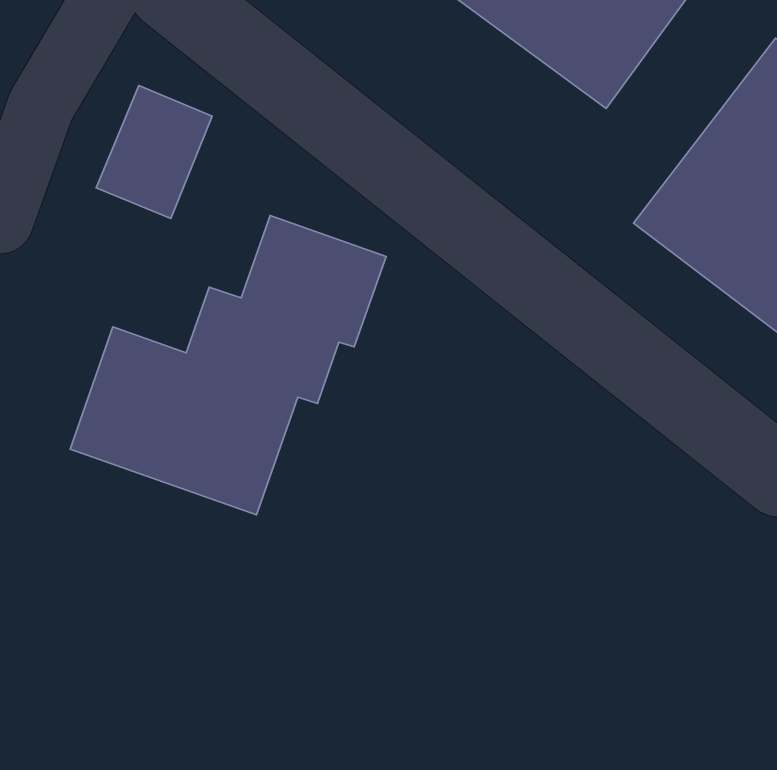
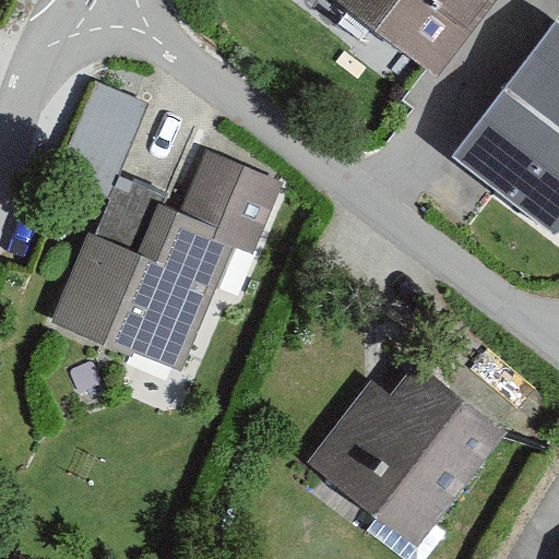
building: none -> [304,364,506,545]

